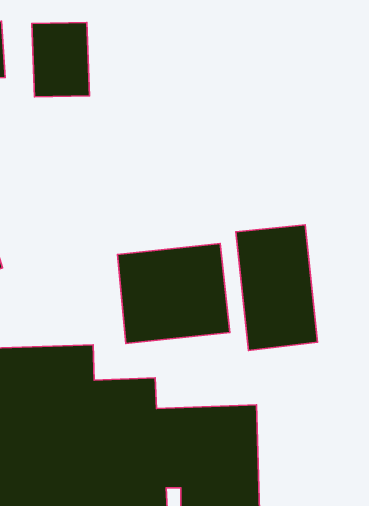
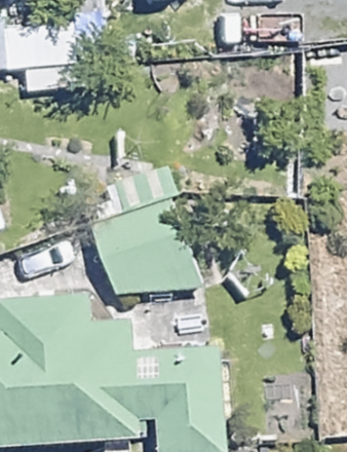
building: [236,225,318,350] -> none

